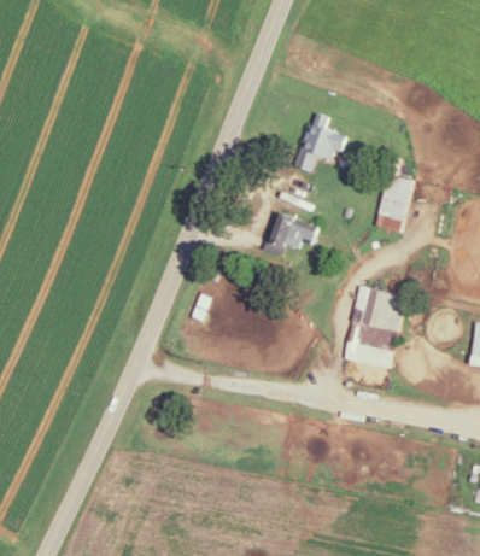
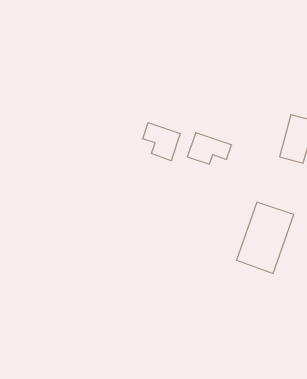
building: [292,112,347,172] -> none
building: none -> [143,123,180,161]

